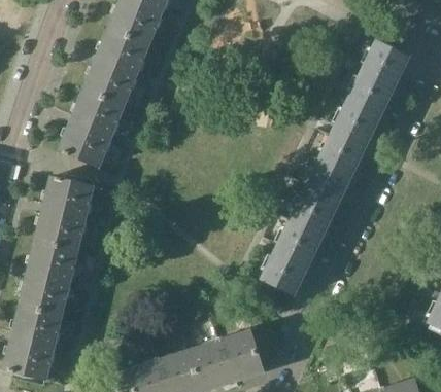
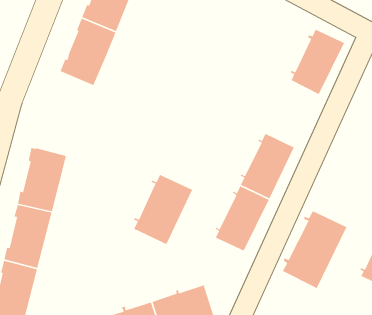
building: [58,90,123,168] -> none
building: [318,100,380,176] -> none
building: none -> [133,174,193,245]
building: none -> [281,210,347,289]

